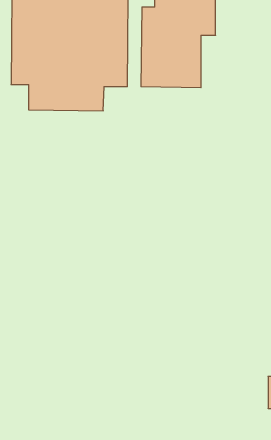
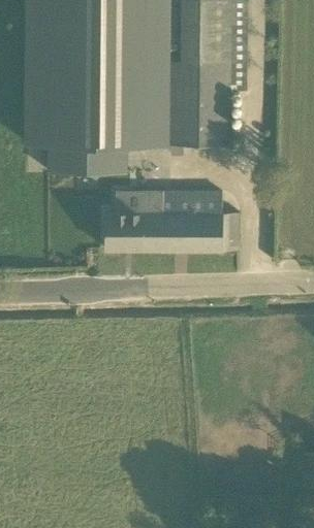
building: none -> [102,190,234,249]

